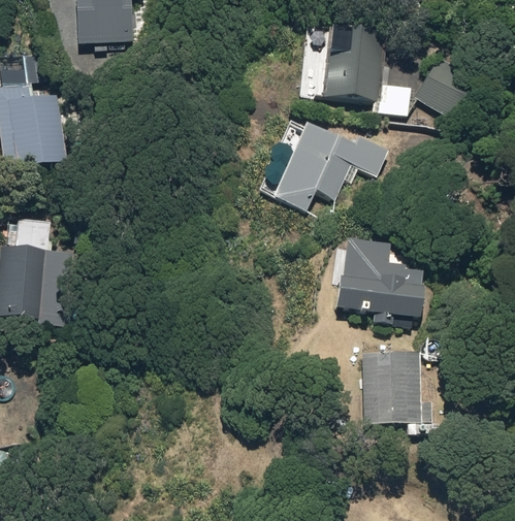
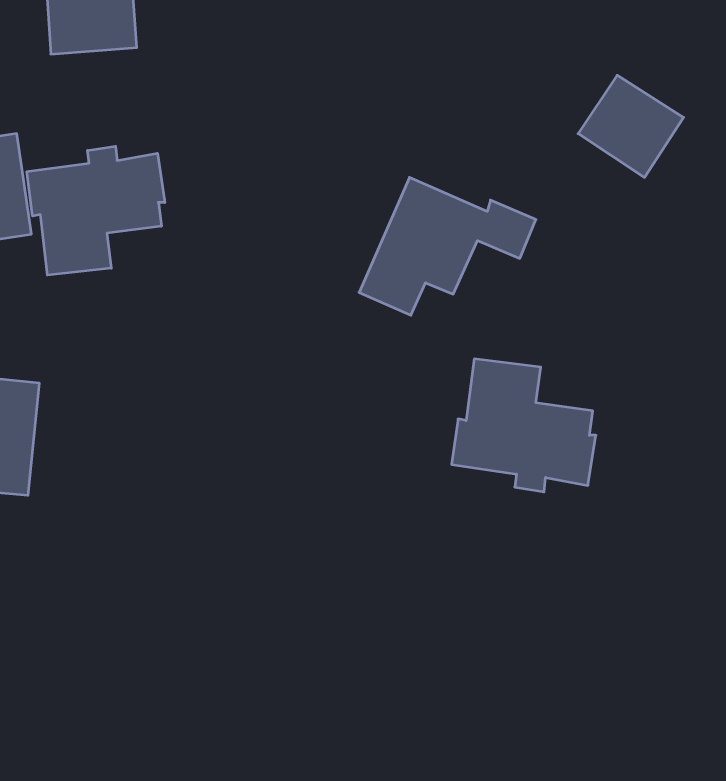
building: [323,24,411,112] -> none
building: none -> [27,146,165,275]
building: [361,351,431,424] -> none

